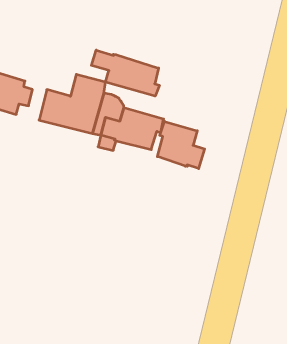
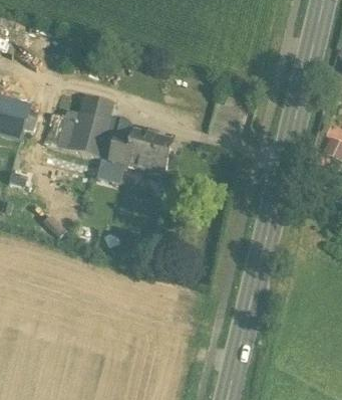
building: [91,50,159,96] -> none
building: [157,121,205,169] -> none

